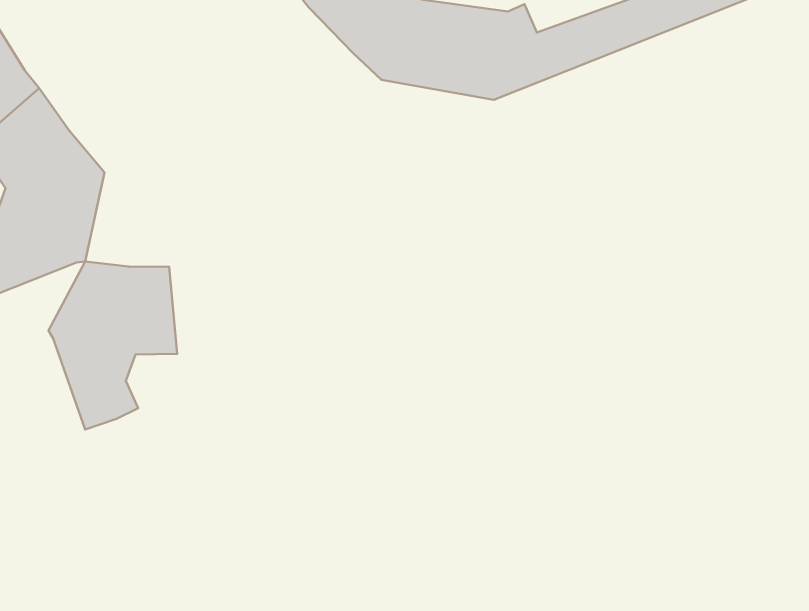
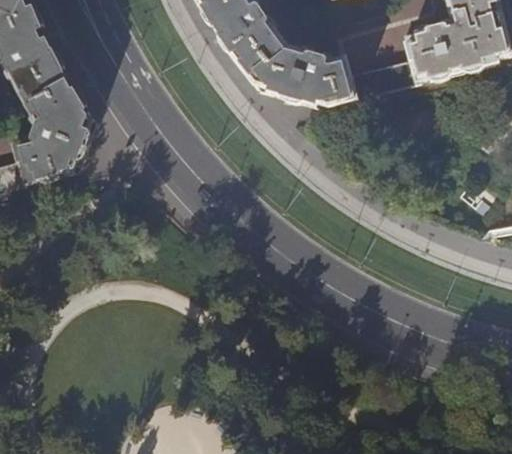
building: [49,261,177,430] -> none

